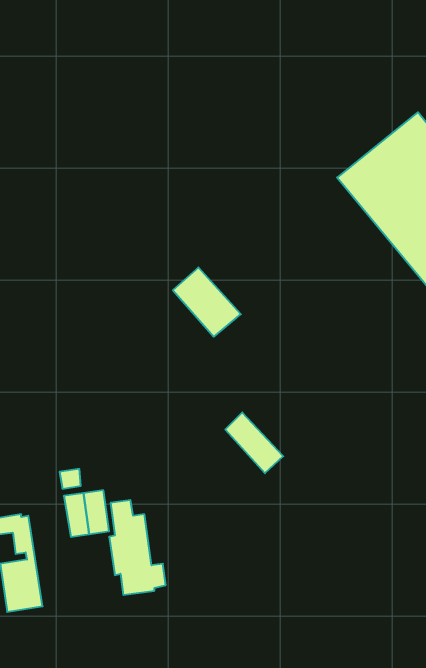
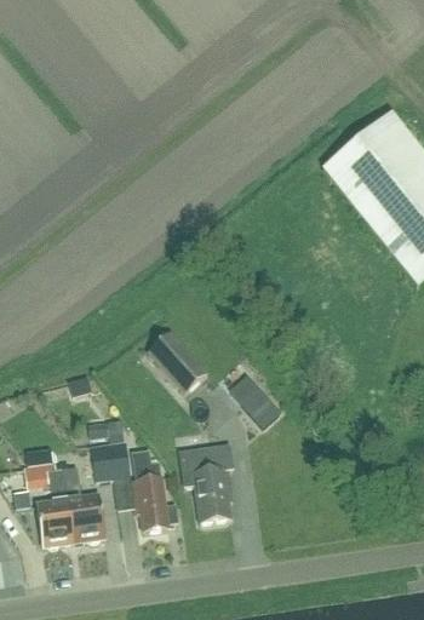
building: [173,267,241,337] -> [149,331,207,390]
building: none -> [179,442,233,519]
building: none -> [61,459,104,538]

